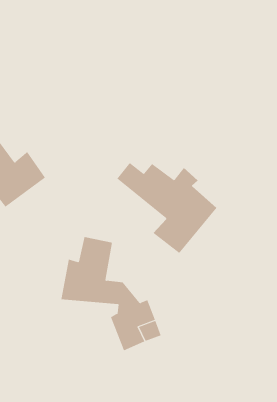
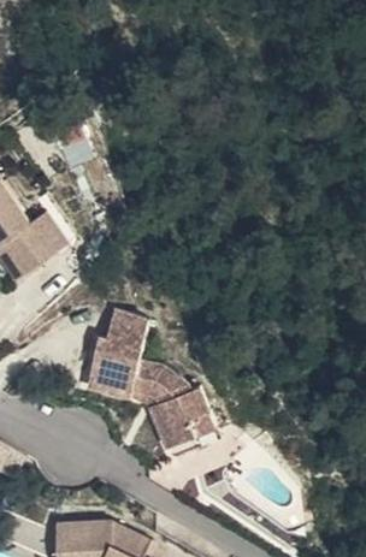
building: [116,162,217,254] -> none

